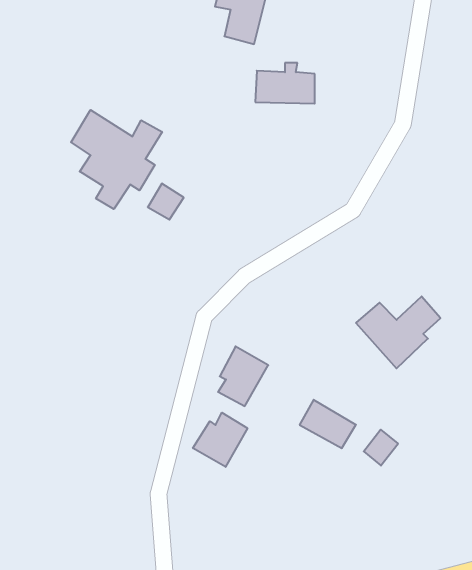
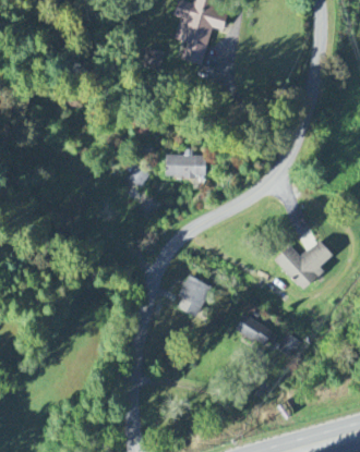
building: [255,63,315,104] -> [165,148,206,176]
building: [71,110,162,209] -> none
building: [193,413,247,467] -> none

